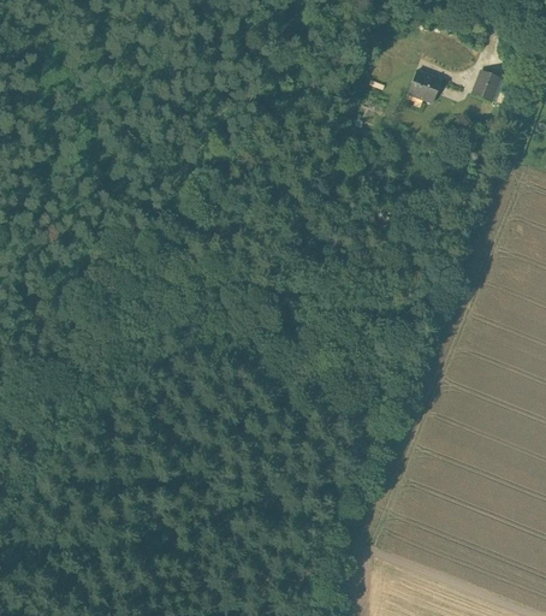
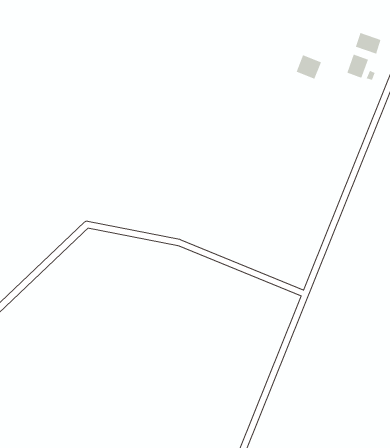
building: none -> [355,32,381,55]

